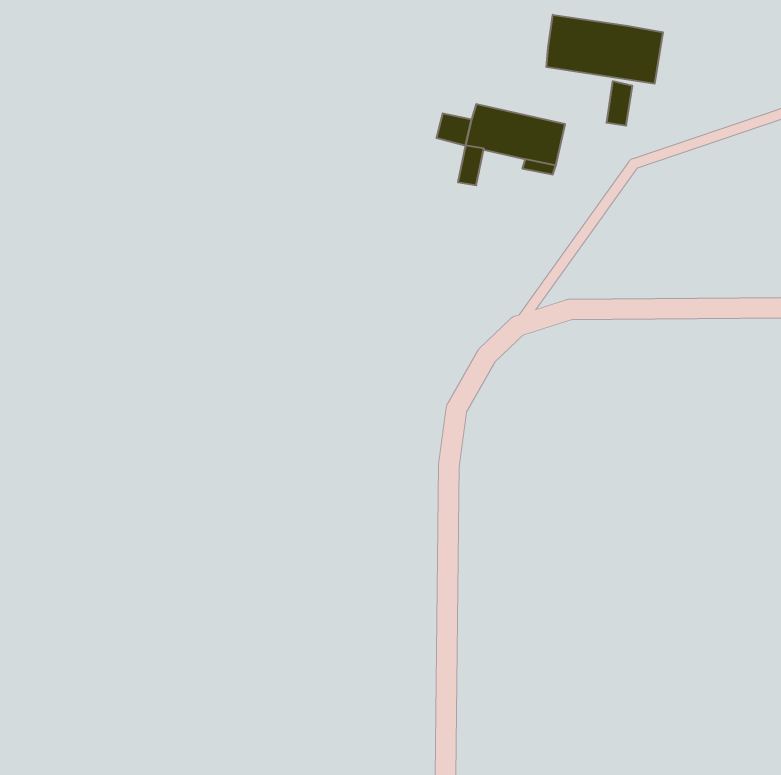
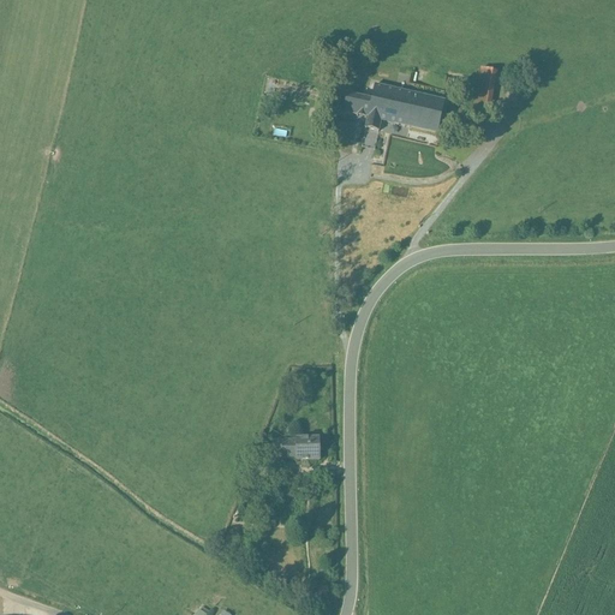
building: [546,15,663,84] -> none
building: none -> [273,432,321,456]

